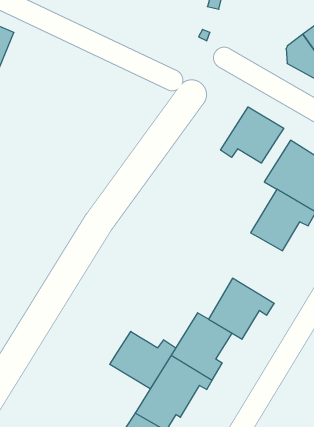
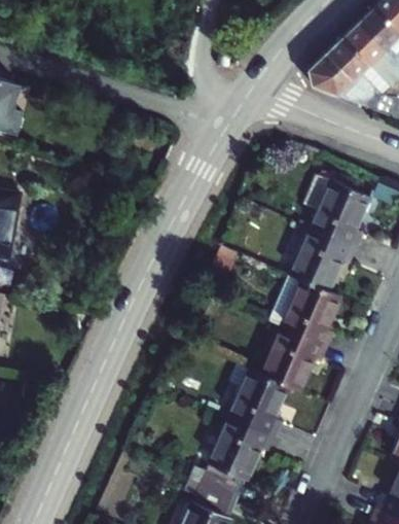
building: [221,107,284,163] -> none
building: none -> [286,271,344,339]
building: [110,331,176,389] -> none

